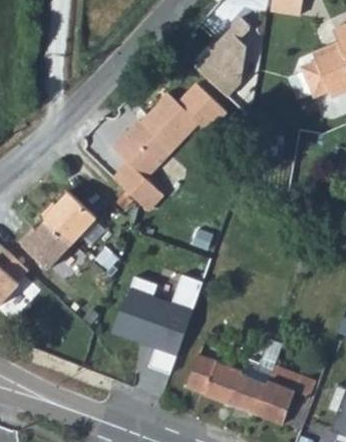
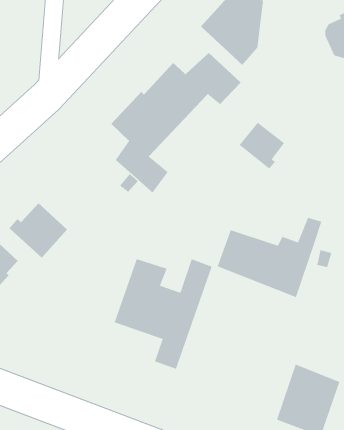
building: none -> [239,122,285,170]
building: [42,192,97,245] -> none
building: [189,343,283,415] -> [217,217,322,298]

